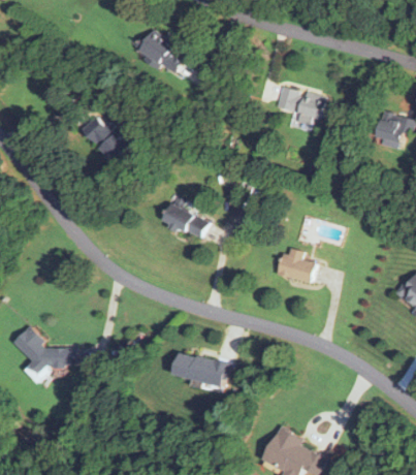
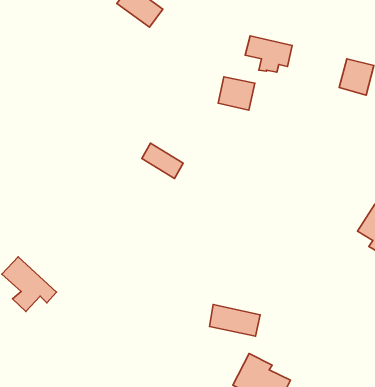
building: [82,115,131,164] -> none
building: none -> [218,77,255,110]
building: [277,247,314,283] -> none
building: [173,352,228,386] -> [209,304,260,336]

